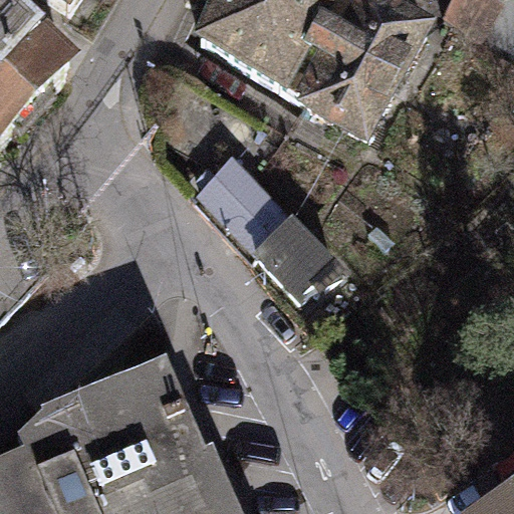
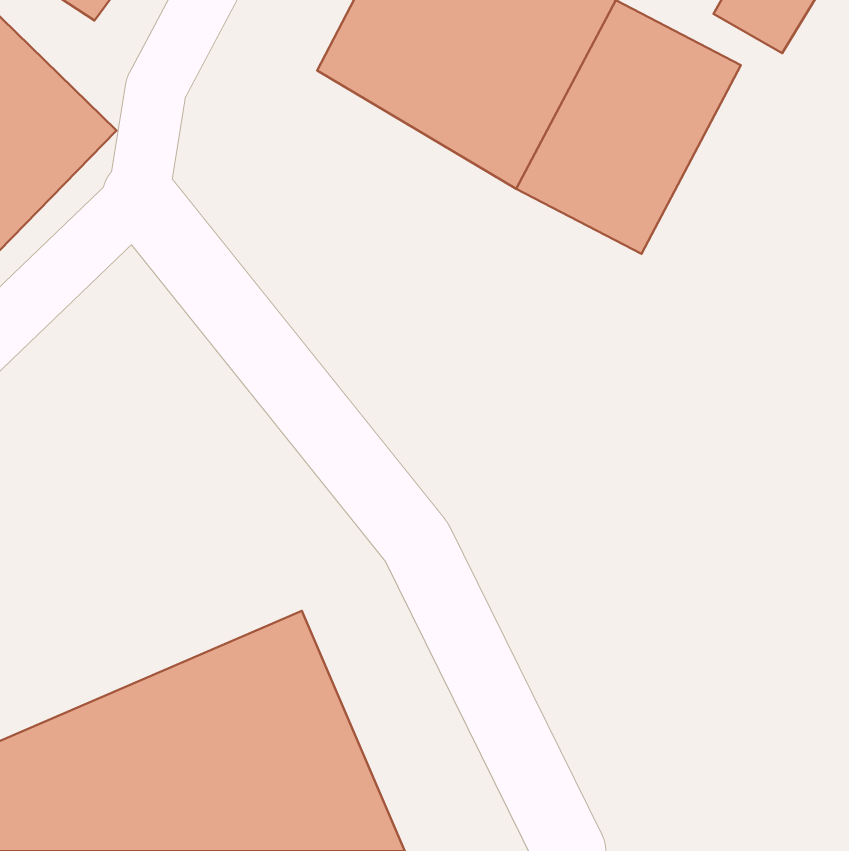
building: [190,149,330,291] -> none

